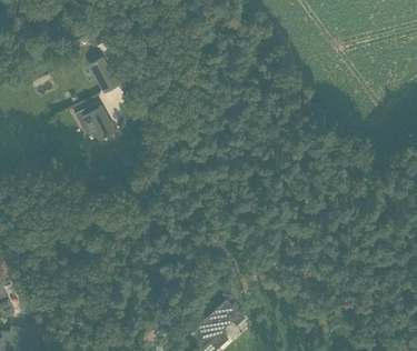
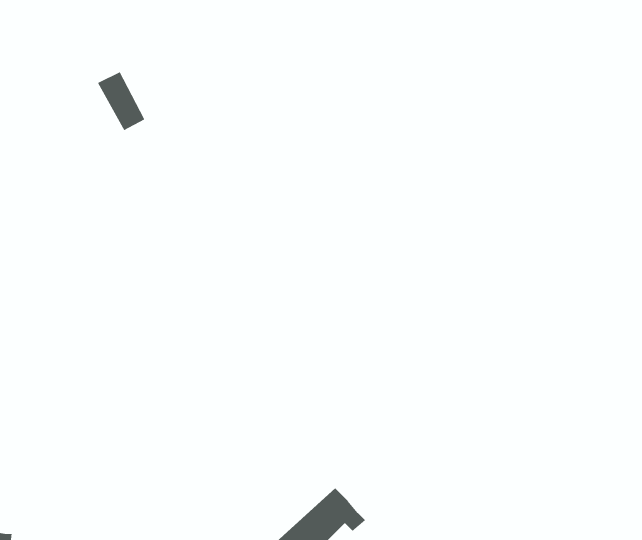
building: [75,104,116,138] -> none

